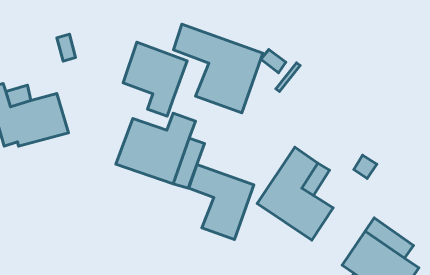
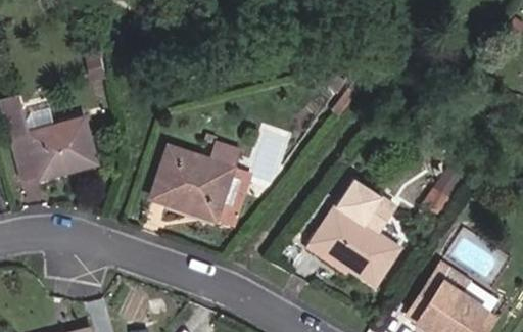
building: [173,24,263,113] -> none
building: [123,42,187,116] -> none
building: [189,164,254,240] -> none

